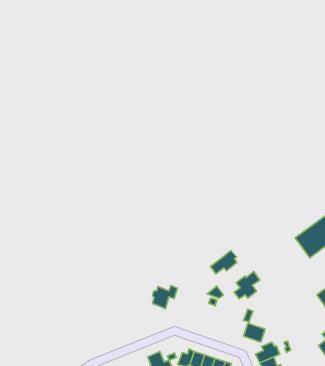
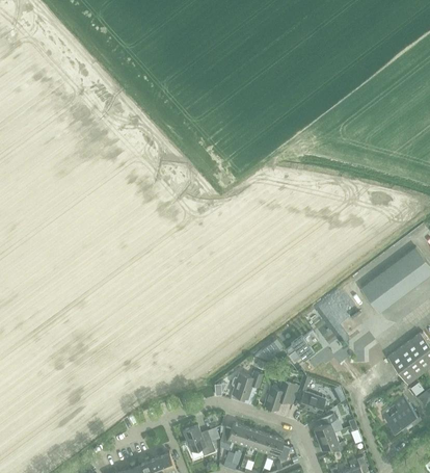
building: [211,250,237,274] -> none
building: [153,286,178,309] -> [232,371,262,399]
building: none -> [263,379,293,410]

